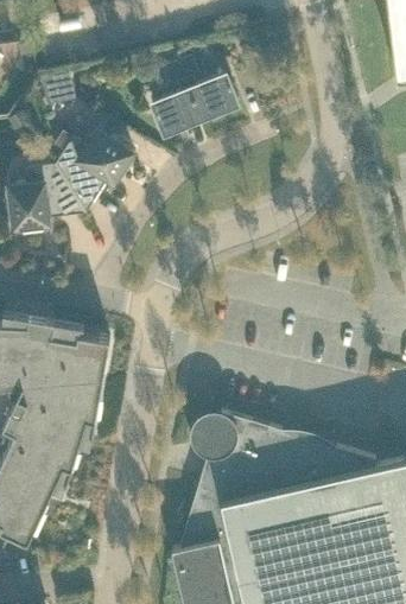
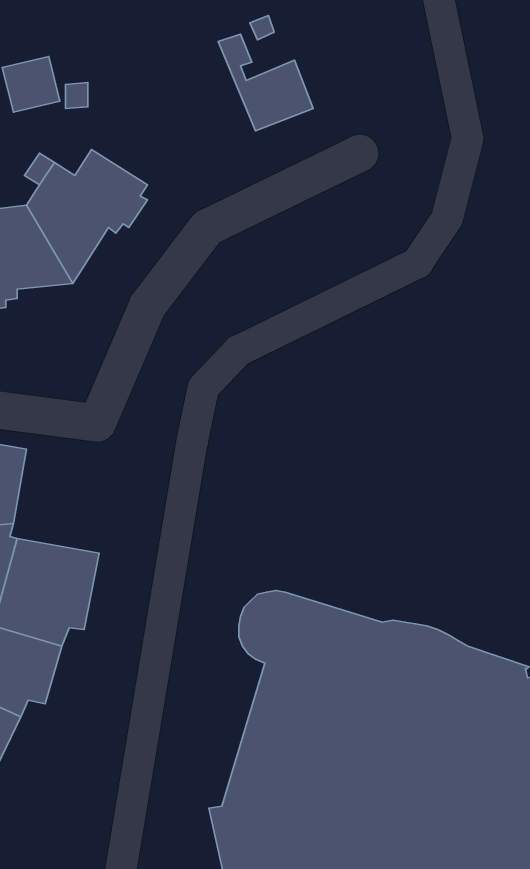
building: [151,61,201,133] -> none
building: [44,320,109,387] -> none

